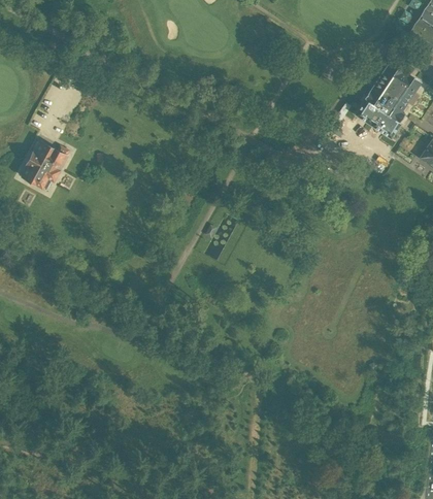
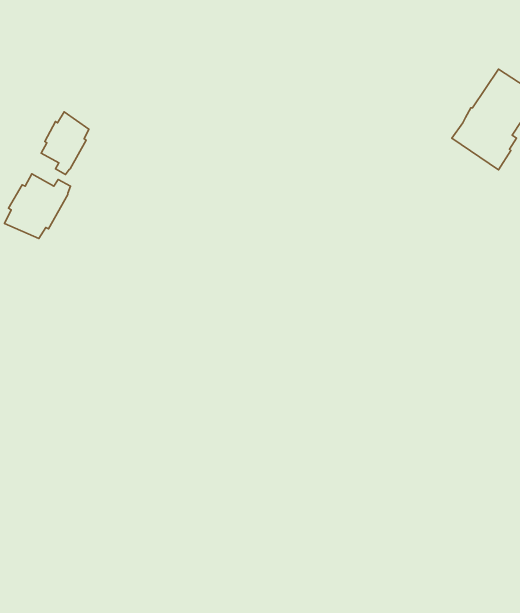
building: none -> [41,112,89,174]

